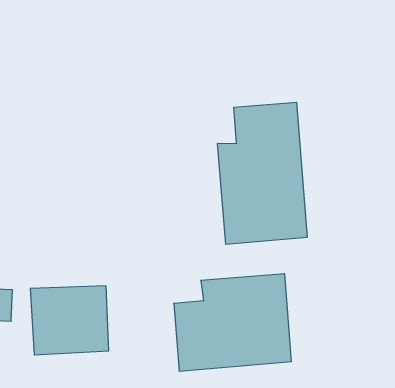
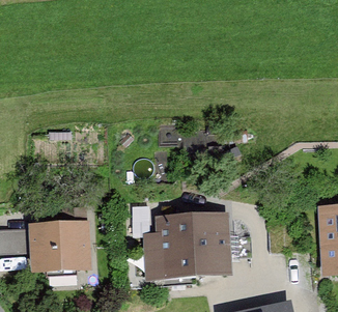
building: [218,102,307,244] -> none

